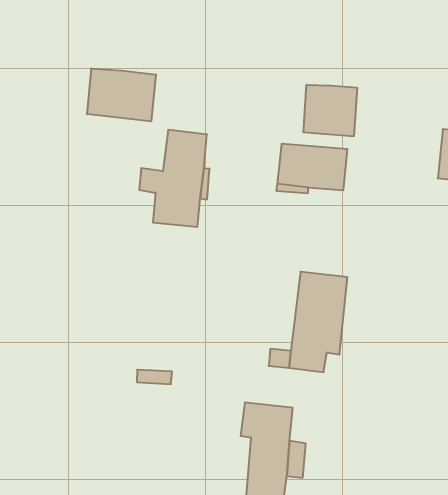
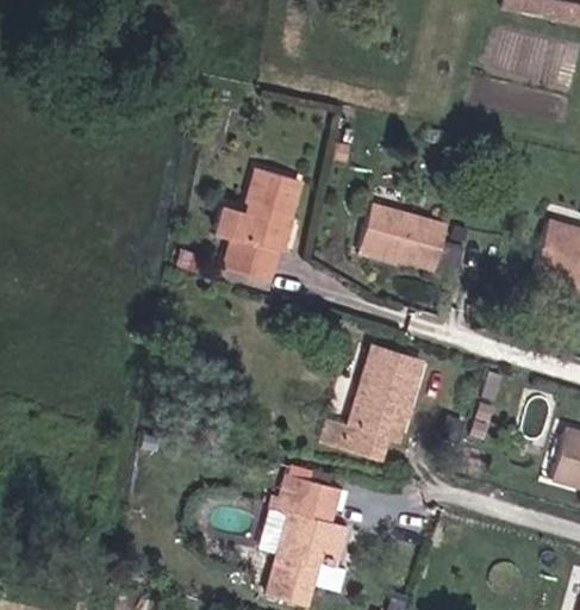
building: [87,68,156,121] -> none
building: [304,85,357,136] -> none

